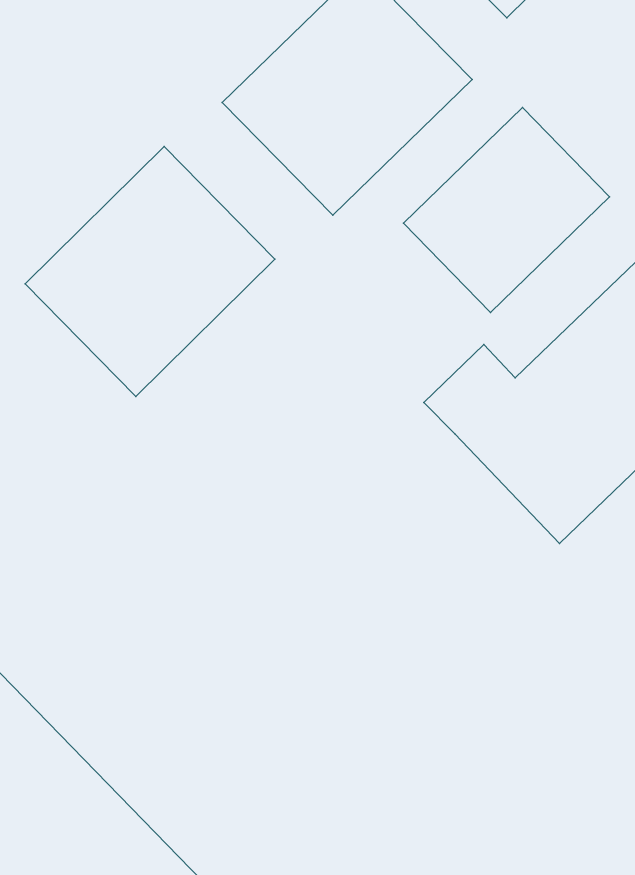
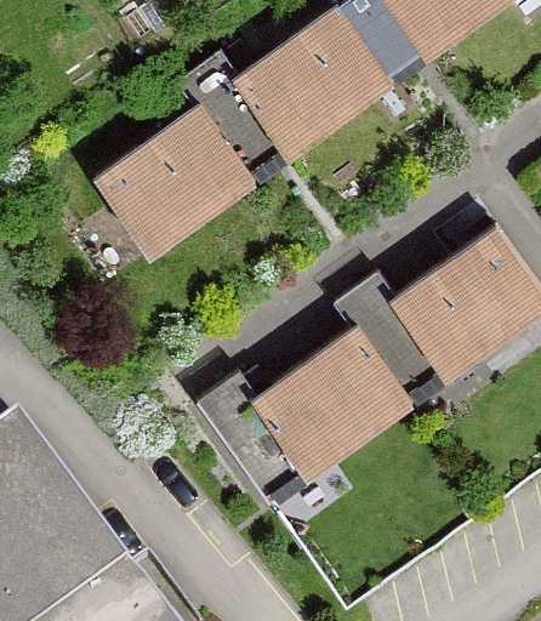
building: [404,108,609,312] -> none
building: none -> [200,320,410,501]

